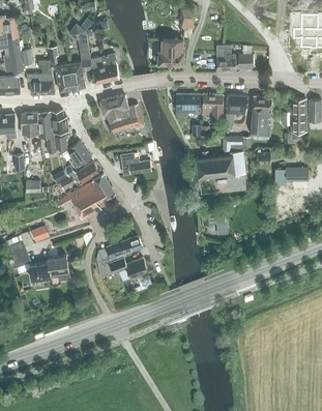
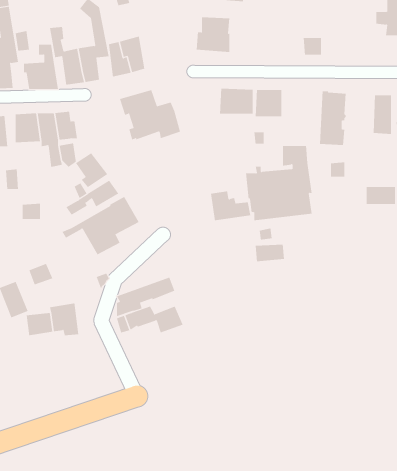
building: [216,45,236,69] -> none
building: [226,95,247,124] -> none
building: [120,152,151,175] -> [210,191,251,221]

